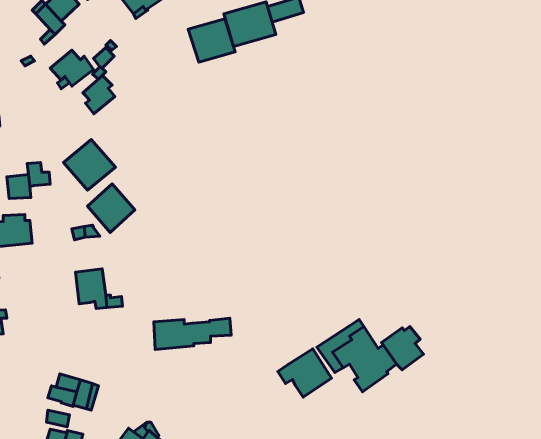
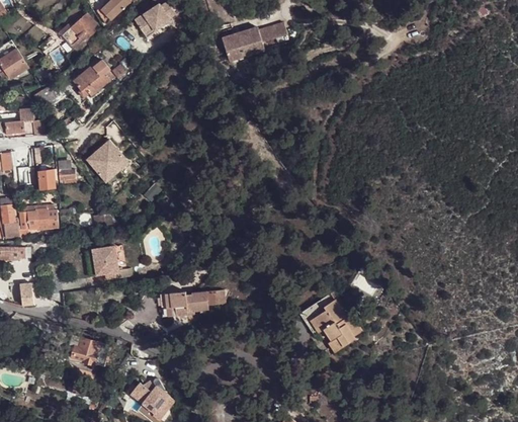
building: [188,19,235,62] -> none
building: [83,75,115,114] -> none
building: [87,184,135,233] -> none
building: [382,326,424,370] -> none
building: [278,349,332,397] -> none

